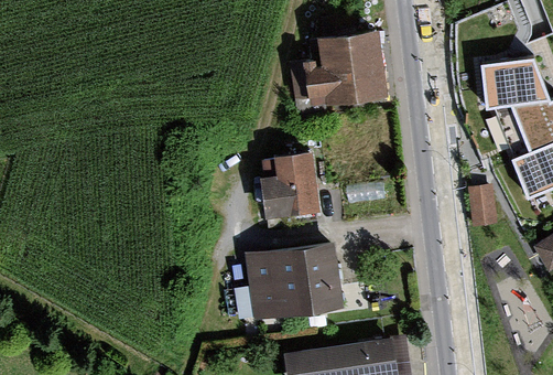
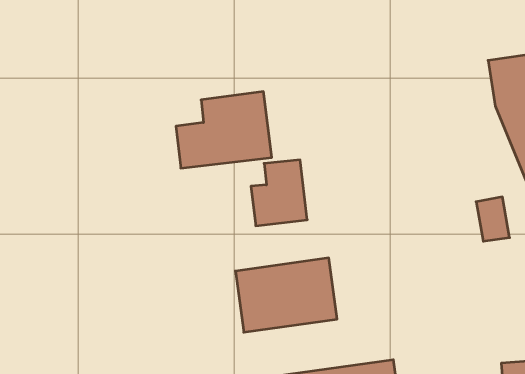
building: [301,32,389,103] -> [176,92,272,168]

